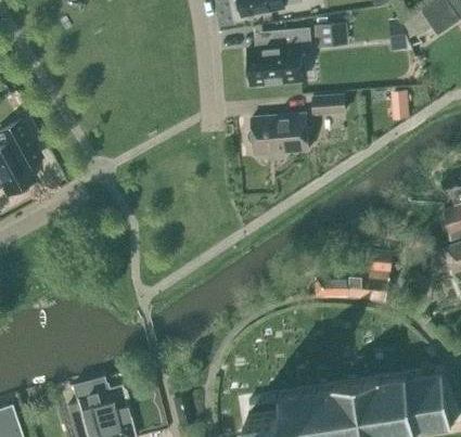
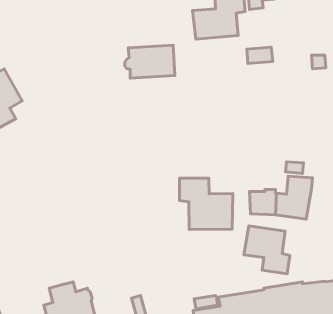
building: [246,113,307,153] -> [125,45,175,78]
building: none -> [179,178,233,230]
building: none -> [244,226,290,274]

